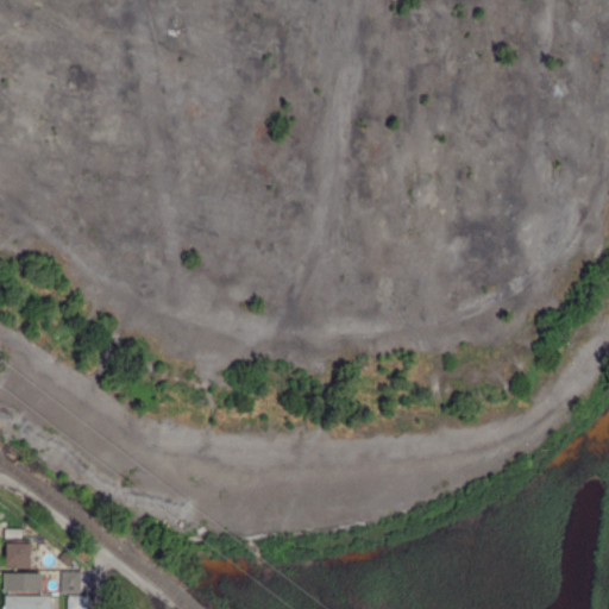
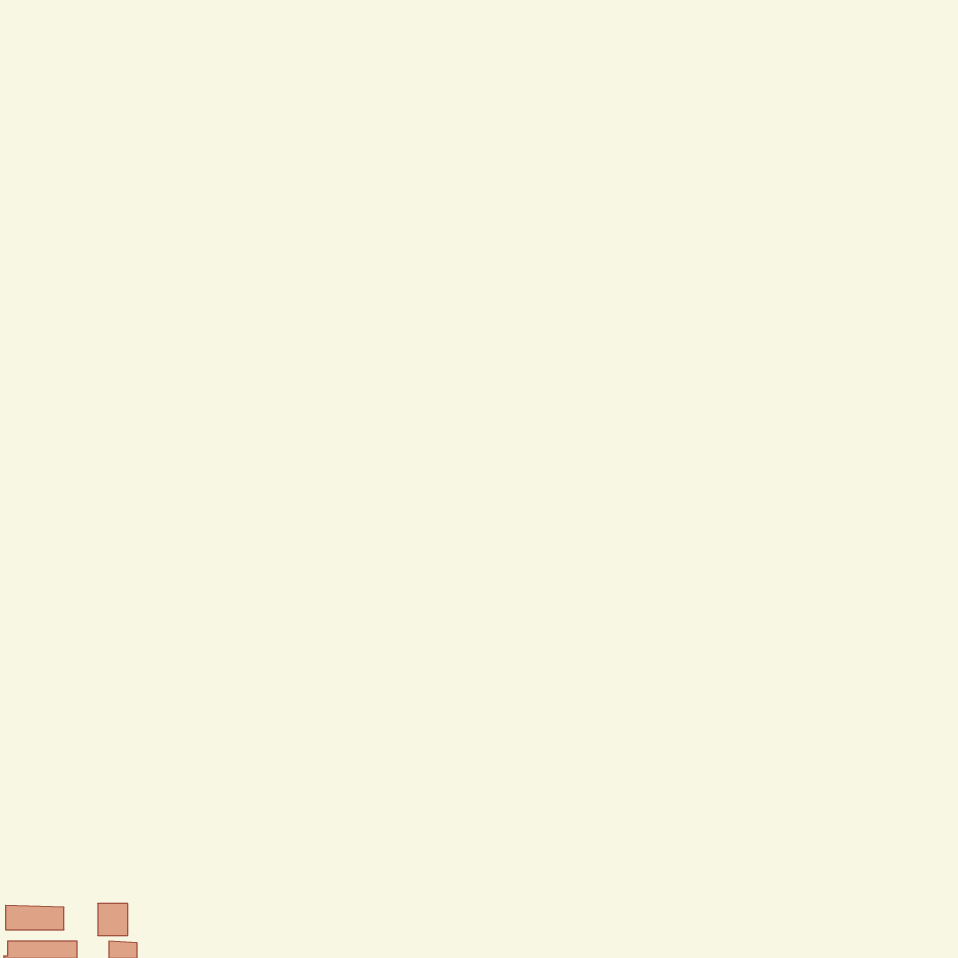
building: [6,542,31,566] -> none

